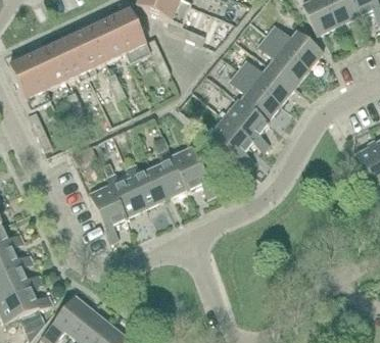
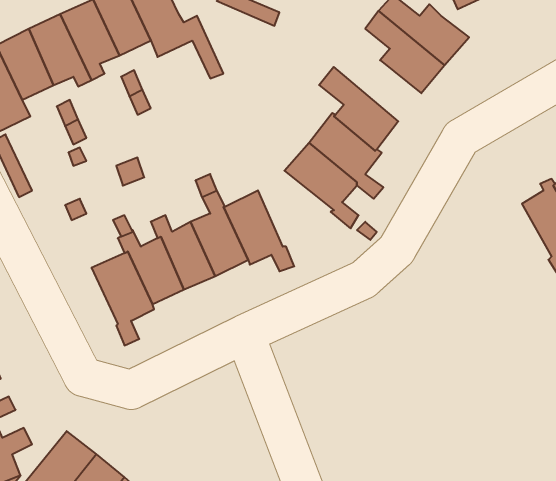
building: [239,59,293,103] -> none

